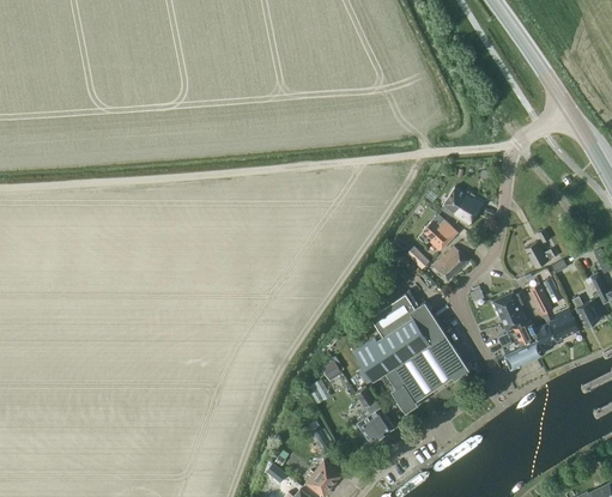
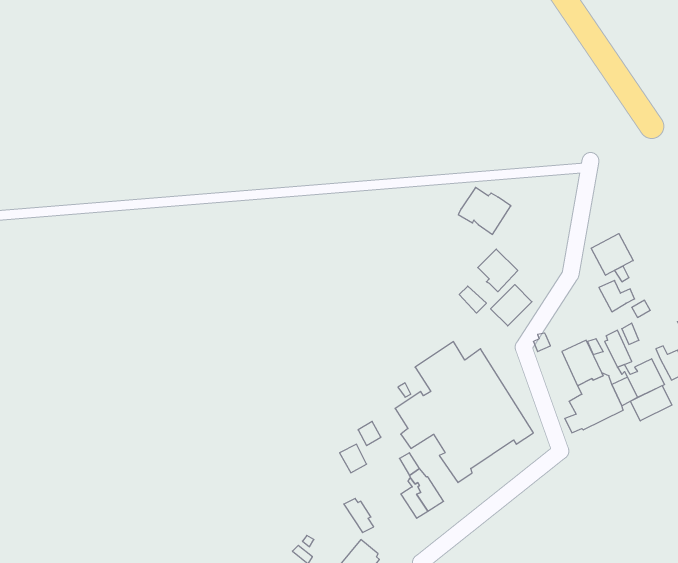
building: [441,188,485,228] -> [458,187,511,234]
building: none -> [591,234,633,275]
building: none -> [630,386,672,421]

